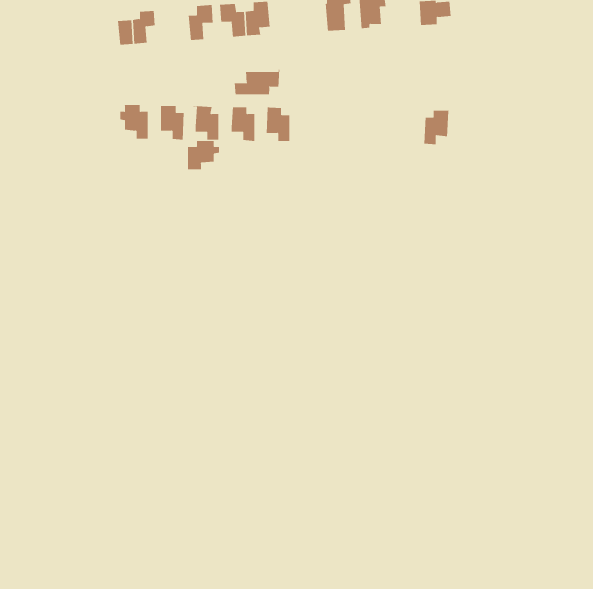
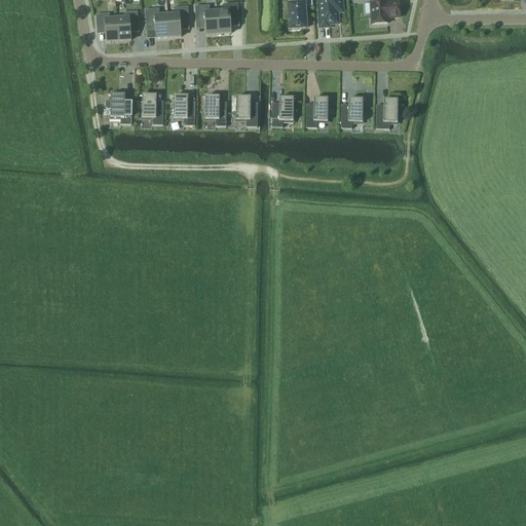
building: none -> [145,6,168,36]
building: [234,69,280,95] -> none
building: none -> [271,96,296,126]
building: none -> [305,97,330,126]
building: none -> [340,97,365,127]
building: [187,140,219,170] -> none

